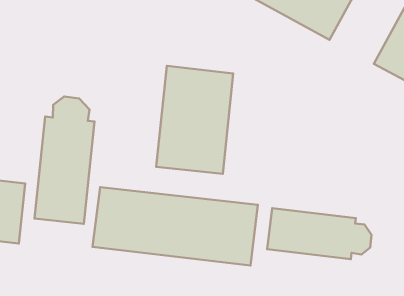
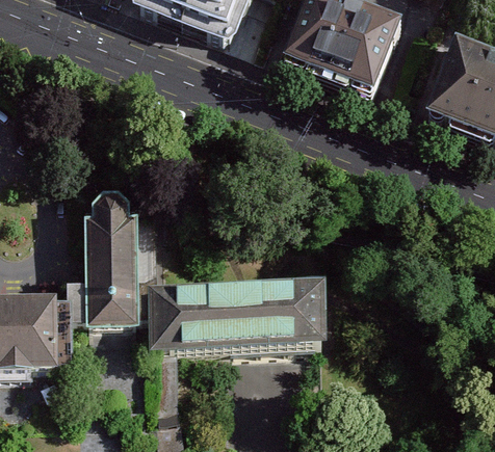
building: [156,66,233,174] -> none
building: [267,208,371,259] -> none

